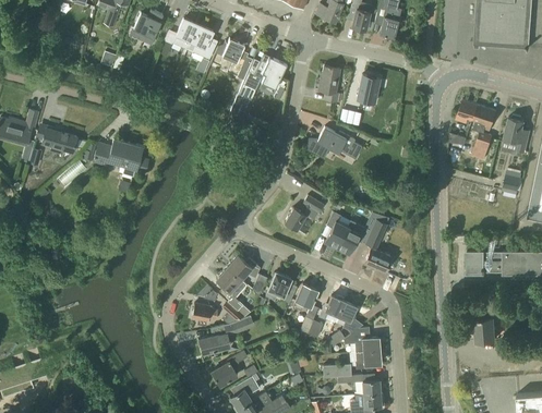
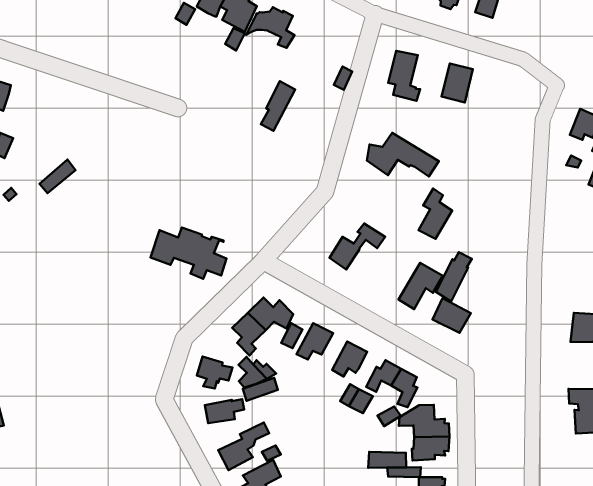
building: [243,54,285,92] -> none
building: [41,124,77,155] -> none
building: [93,138,149,175] -> [150,227,227,279]
building: [325,214,349,251] -> [419,189,452,239]

